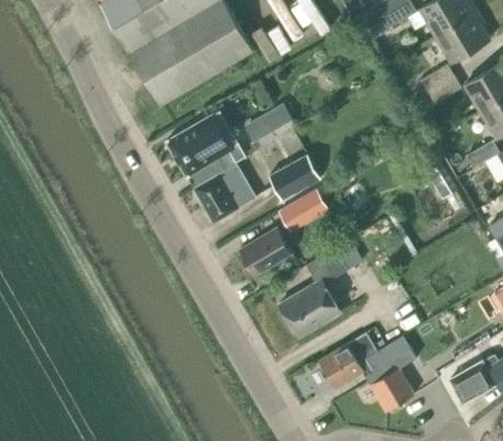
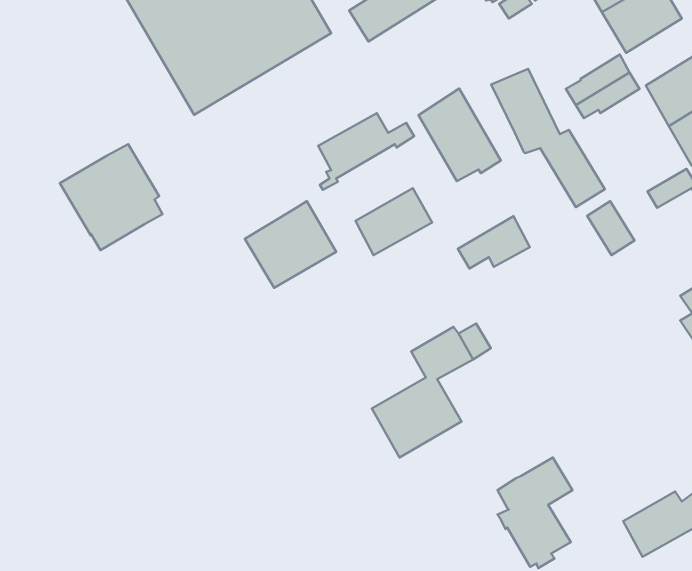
building: none -> [491,69,605,207]
building: none -> [418,89,501,181]
building: [167,115,237,186] -> [60,144,162,250]
building: [280,190,328,225] -> [458,216,530,268]
building: [240,227,292,275] -> none
building: [320,333,378,387] -> none

